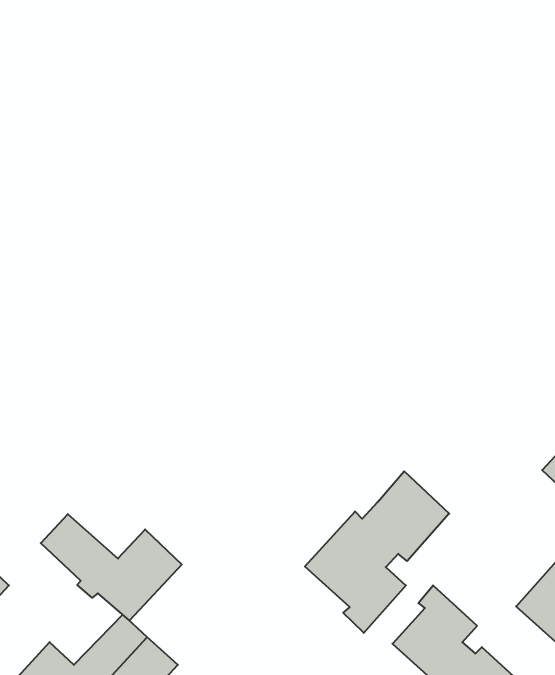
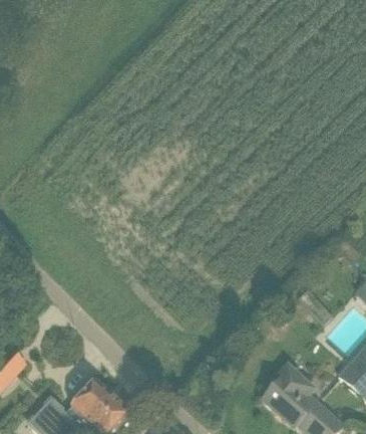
building: [305,471,449,633] -> none
building: [41,514,182,620] -> none

